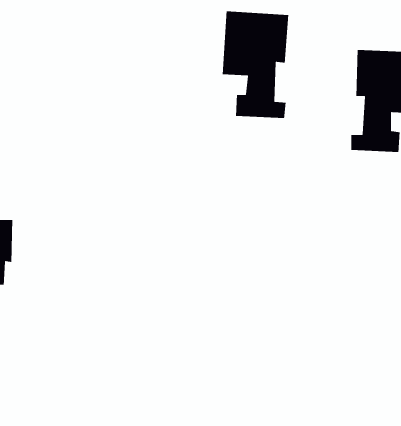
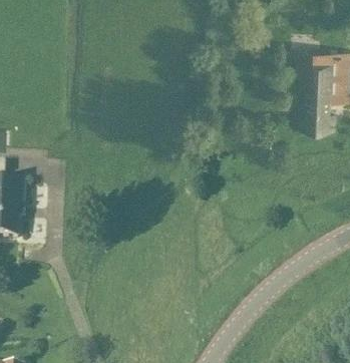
building: [222,11,289,119] -> none

